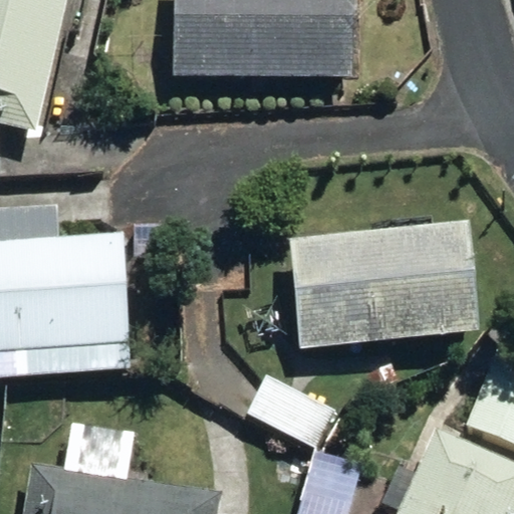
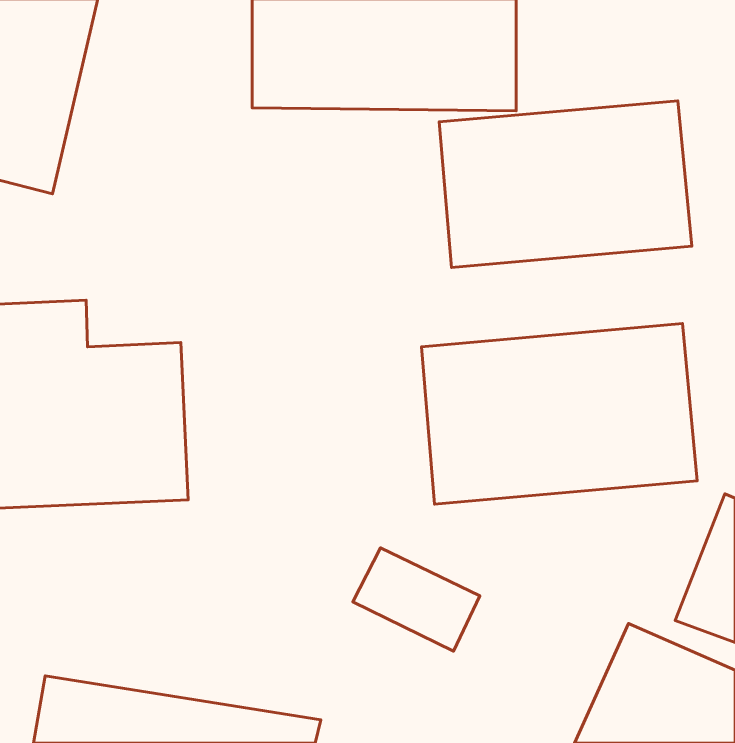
building: none -> [439,101,692,267]

